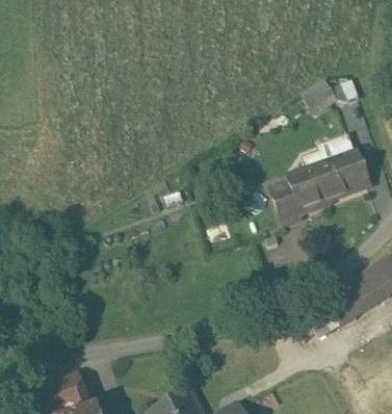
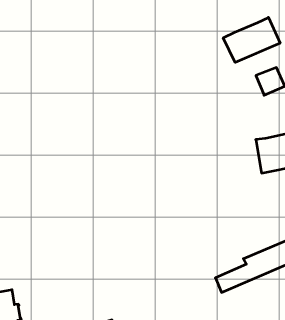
building: none -> [223,17,280,62]
building: [276,167,330,226] -> none

